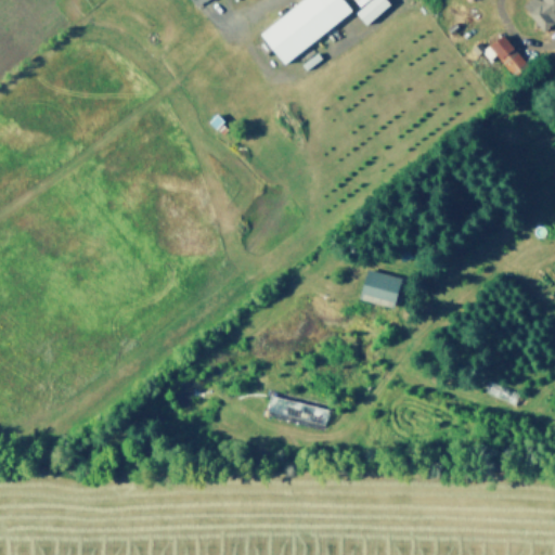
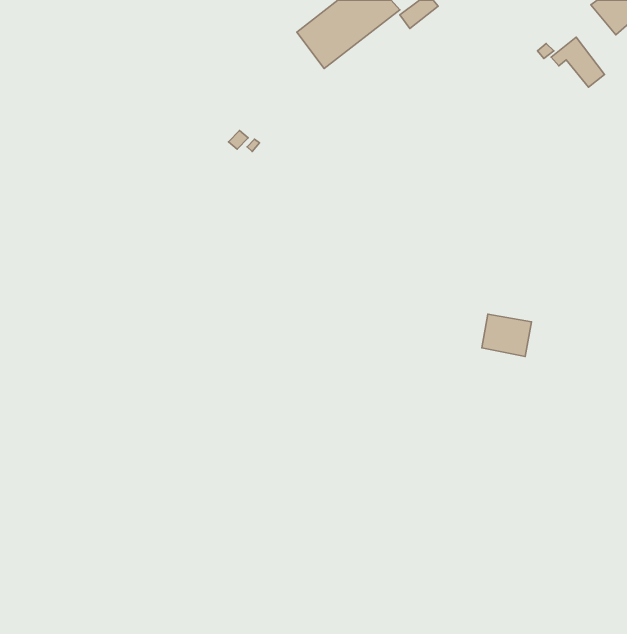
building: [356,271,399,308] -> [482,314,531,357]
building: [270,398,334,426] -> none

